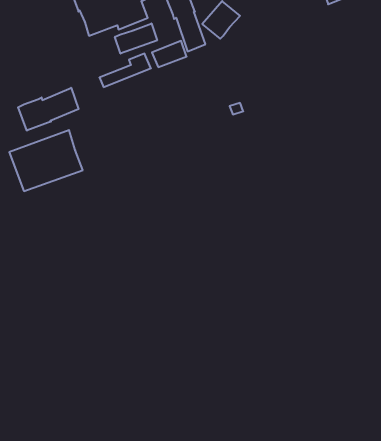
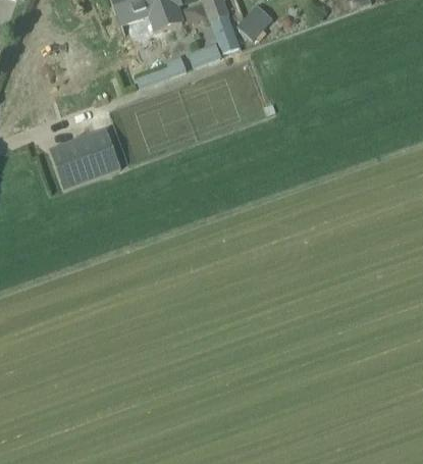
building: [115,23,157,54] -> none
building: [18,88,79,131] -> none

